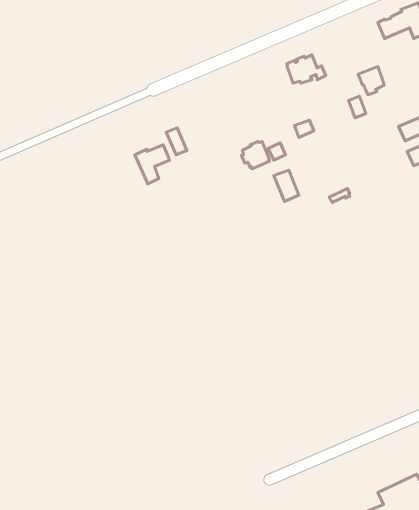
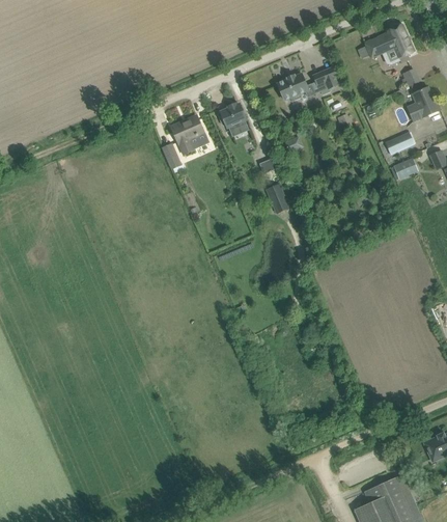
building: [358,67,384,95] -> [312,67,337,94]
building: [241,142,270,169] -> [219,104,246,130]
building: [135,145,170,184] -> [170,117,203,155]

